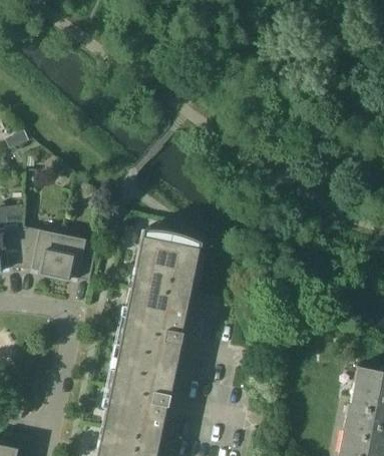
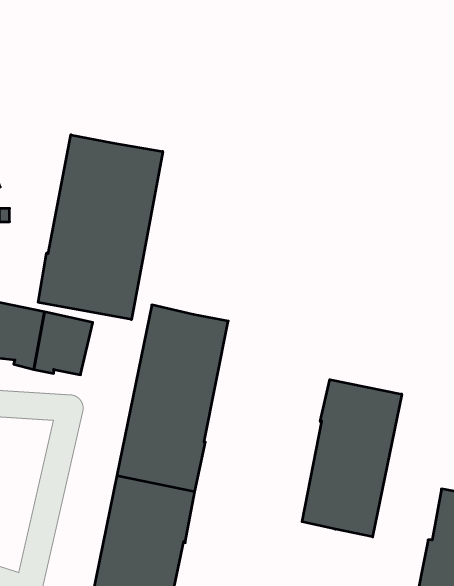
building: none -> [38,135,163,320]
building: none -> [302,380,402,537]

